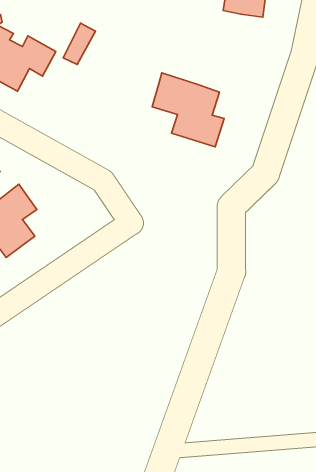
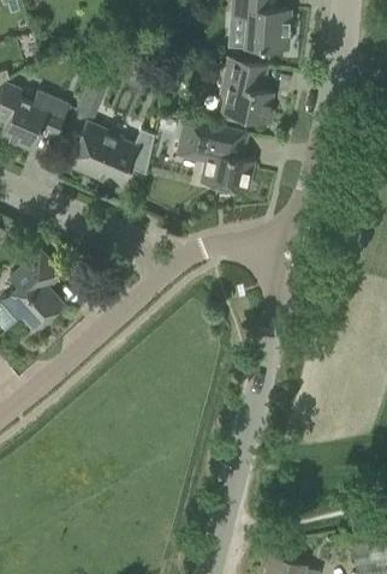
building: none -> [220,56,274,125]
building: none -> [67,120,151,186]

